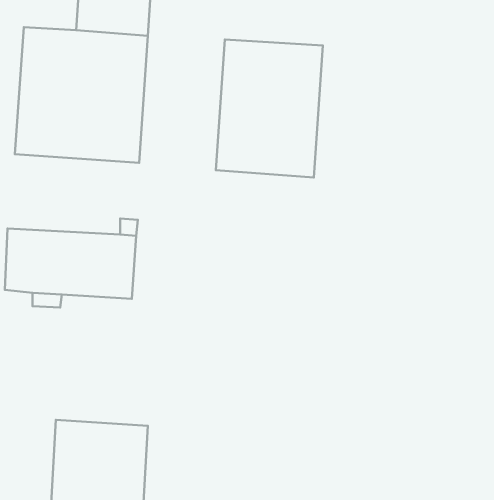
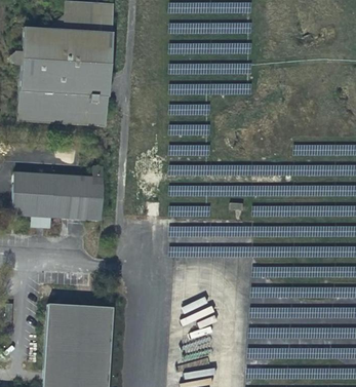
building: [216,40,323,178] -> none

